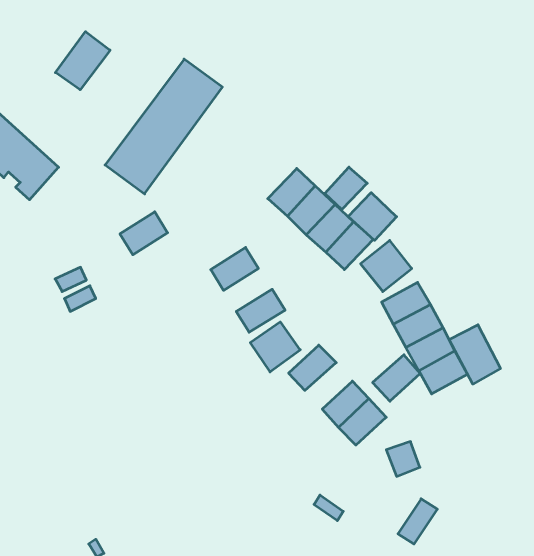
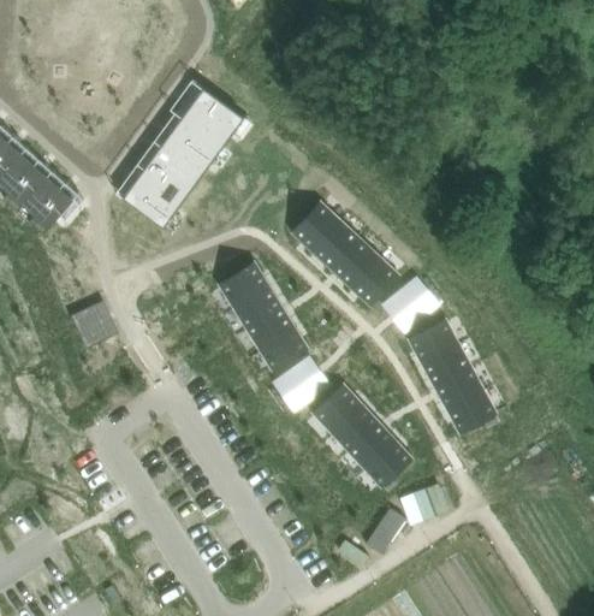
building: [55,32,110,90] -> none
building: [325,167,367,209] -> none
building: [348,193,397,240] -> none
building: [120,212,168,255] -> [218,260,267,304]
building: none -> [244,303,295,348]
building: [449,325,500,384] -> none
building: [373,355,420,401] -> [328,401,378,449]
building: [398,499,437,544] -> [364,505,405,552]

